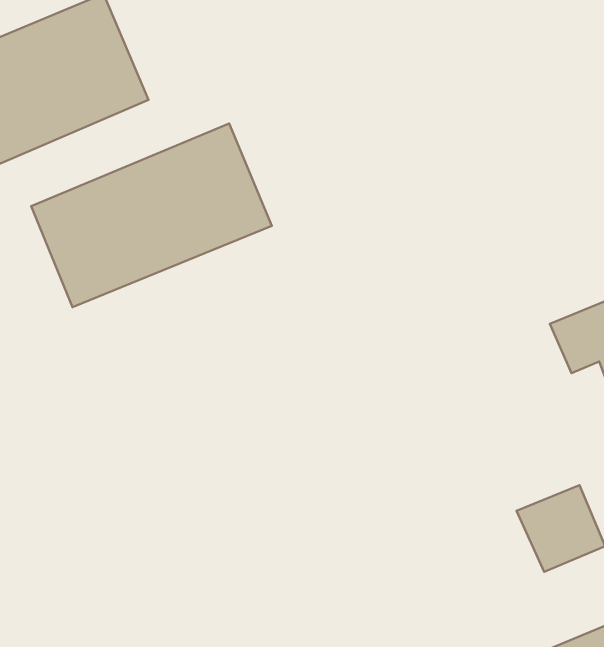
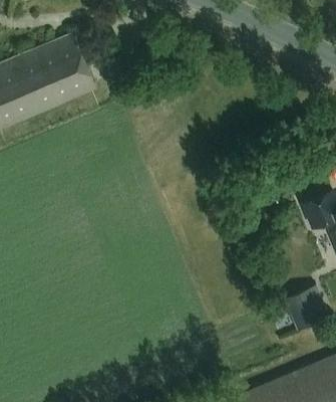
building: [31,123,272,307] -> none

